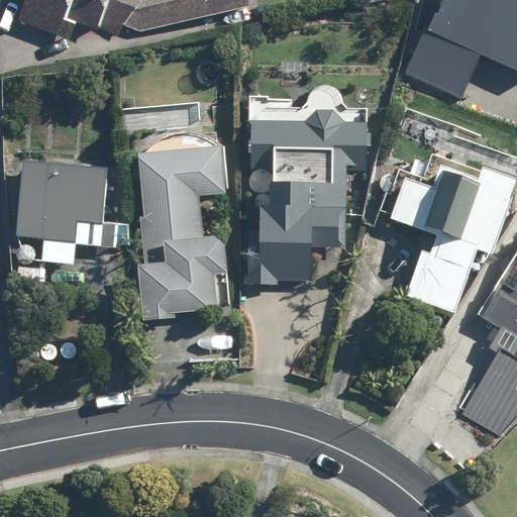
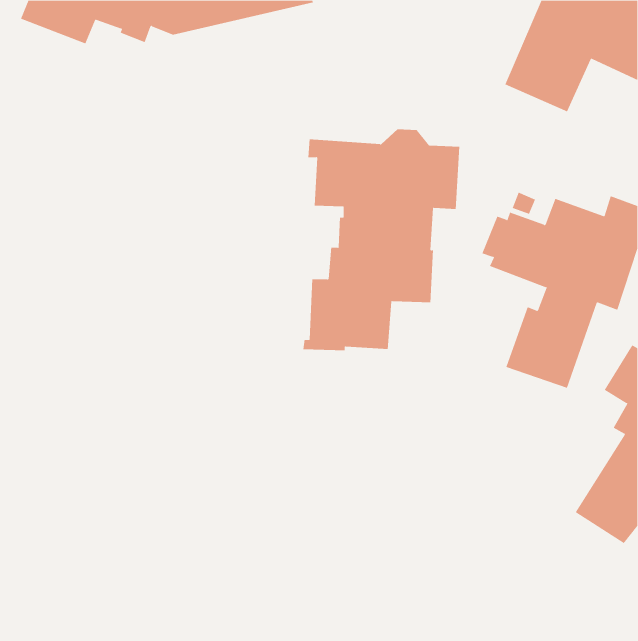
building: [132,127,229,318] -> none
building: [12,153,125,289] -> none

